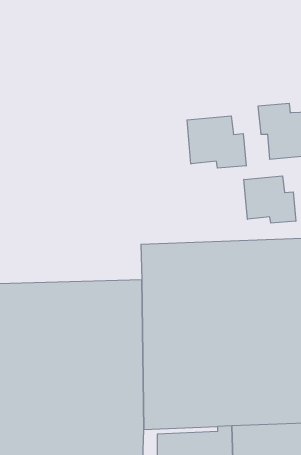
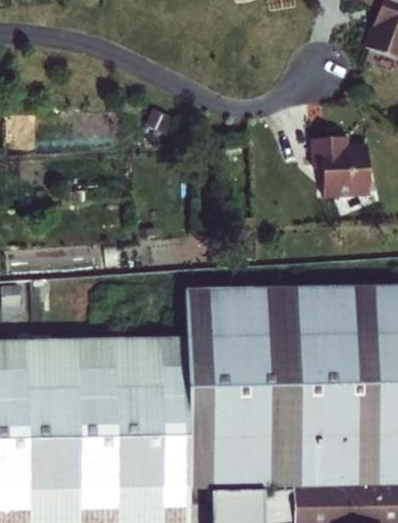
building: [187,116,246,168] -> none
building: [244,176,296,223] -> none

